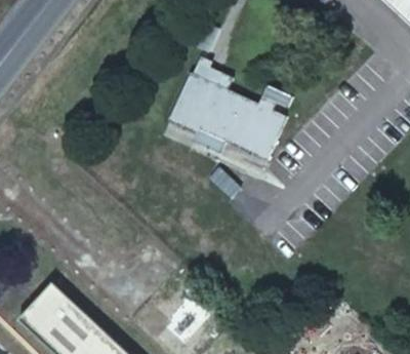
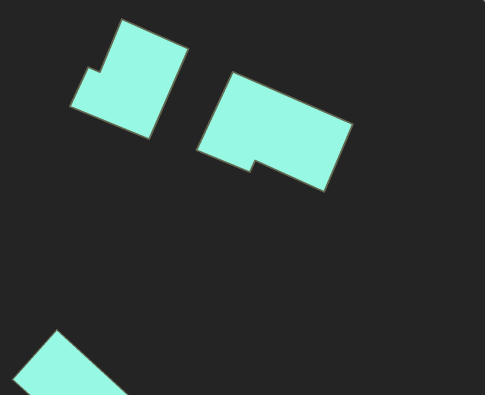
building: none -> [70,19,189,139]

